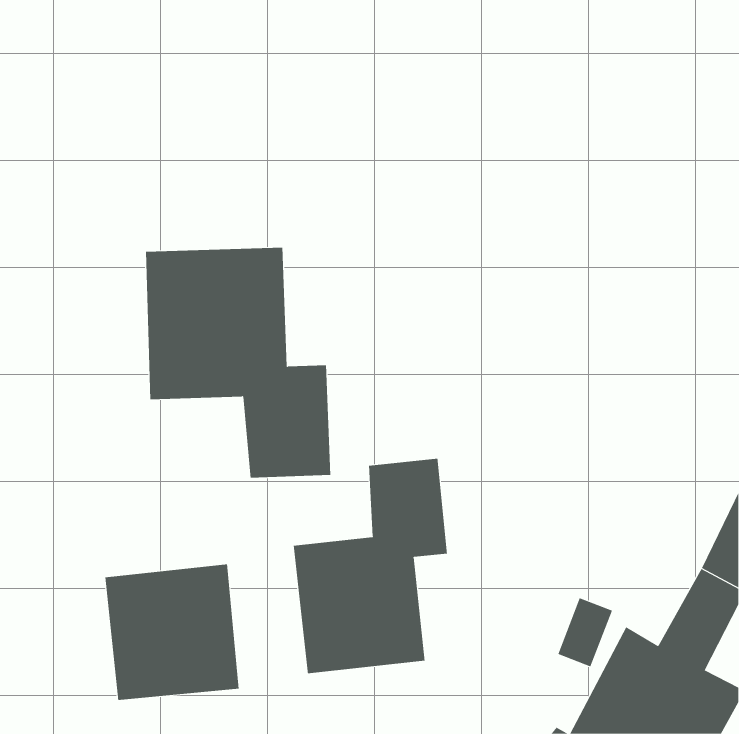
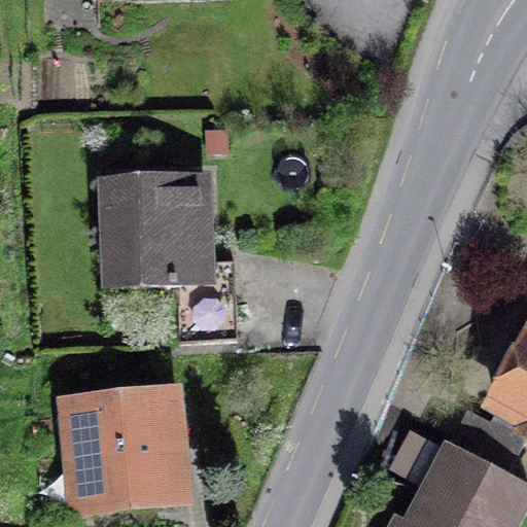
building: [293,458,448,674] -> none

